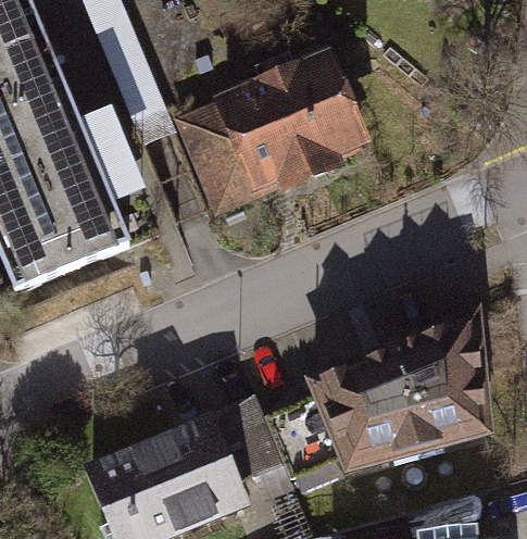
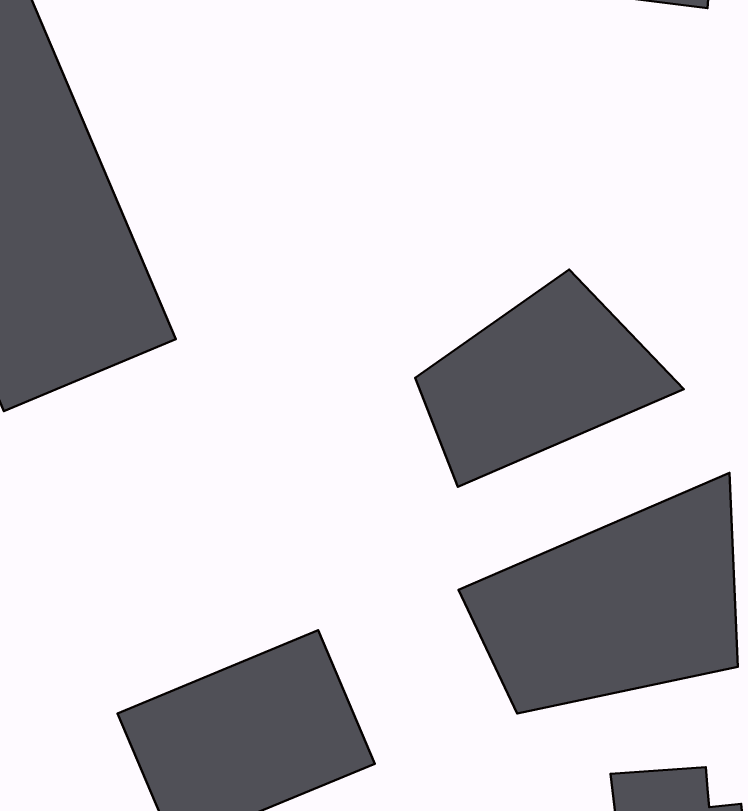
building: [166,35,375,205] -> none
building: none -> [415,270,684,487]

